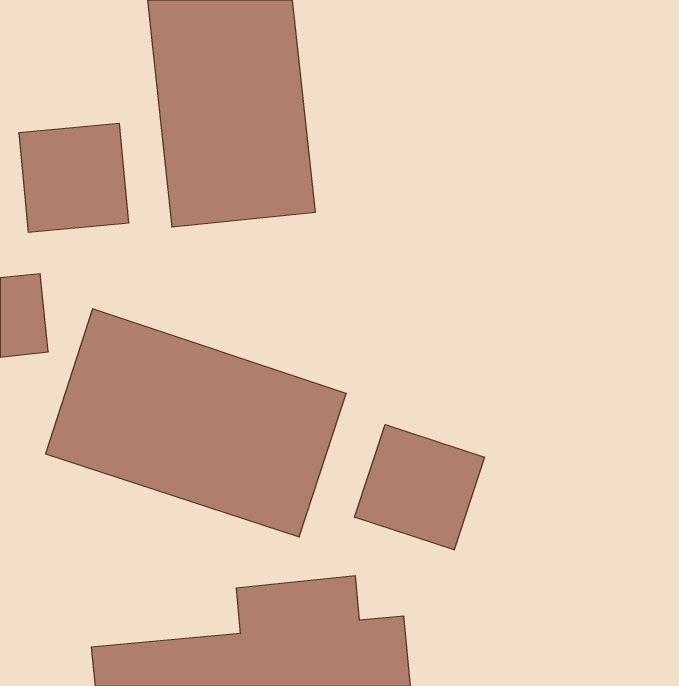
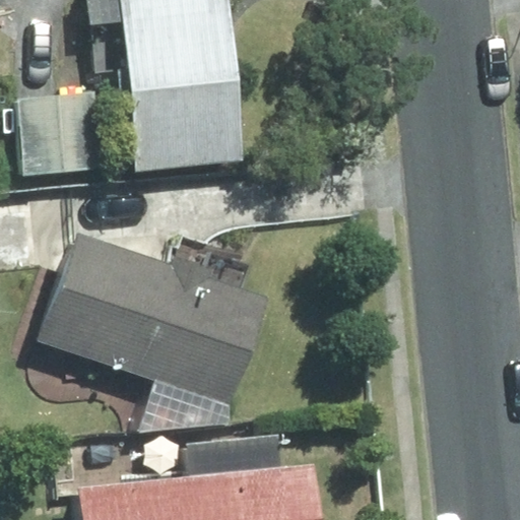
building: [355,425,485,550] -> none

